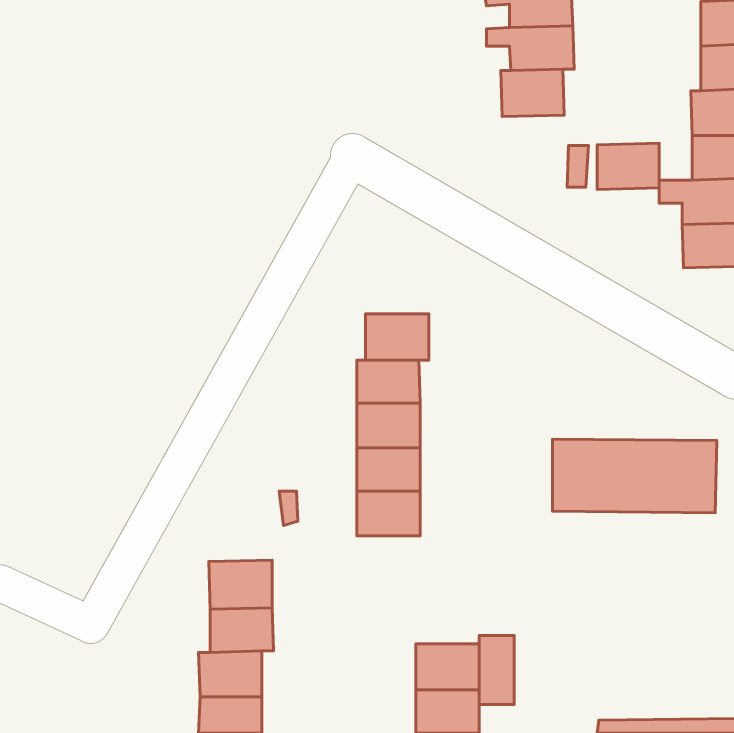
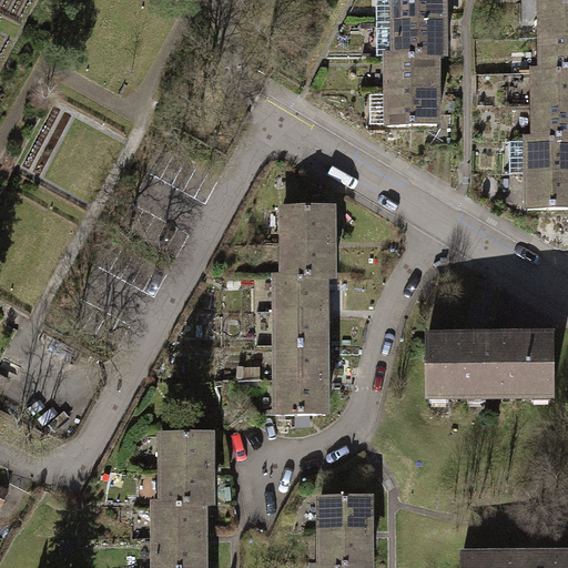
building: [597,143,659,189] -> [388,89,436,124]
building: none -> [283,207,332,242]
building: [479,636,514,704] -> none

